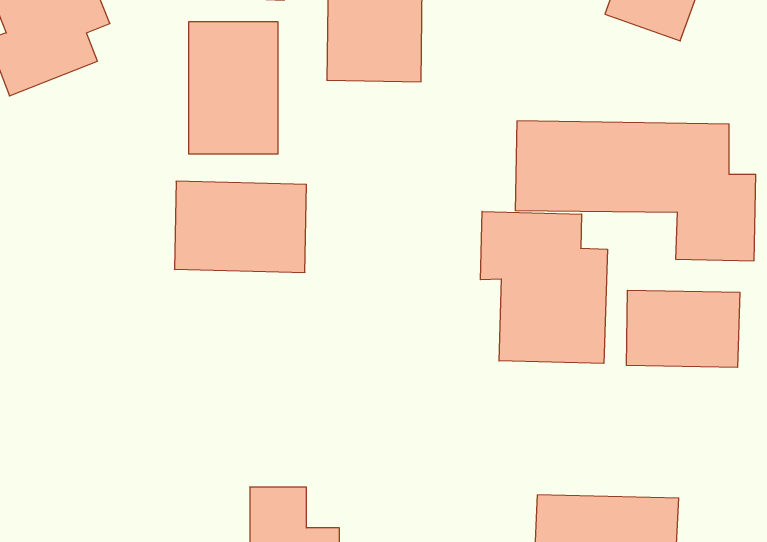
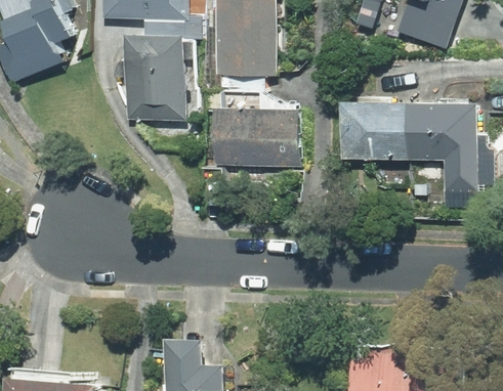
building: [174,181,306,272] -> [212,108,298,168]
building: [481,211,607,363] -> none
building: [626,290,740,367] -> none

